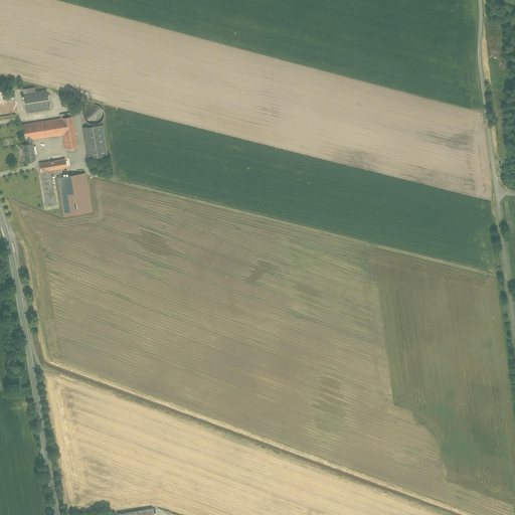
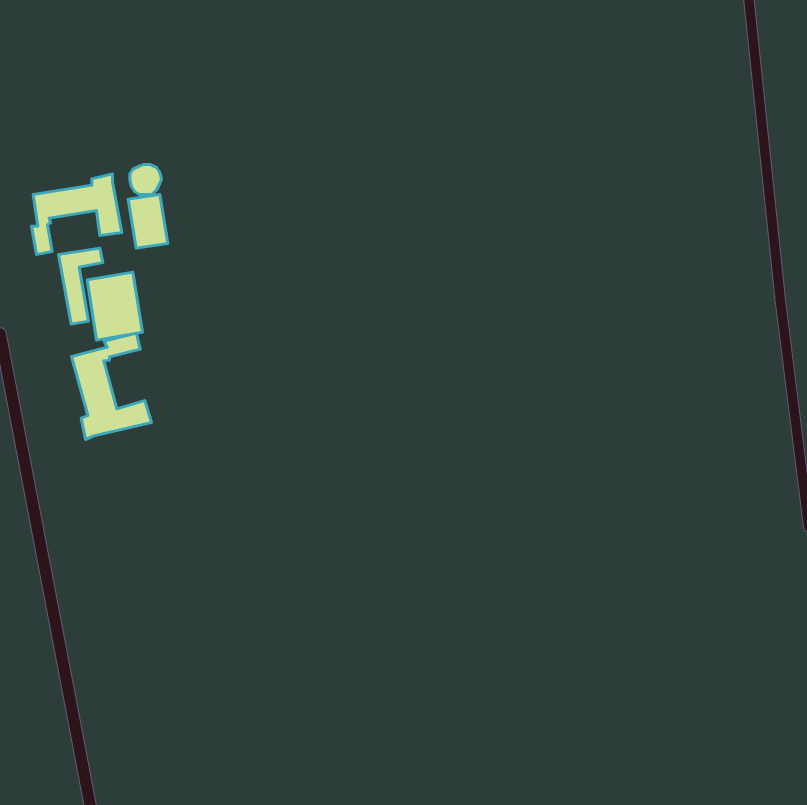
building: [23,89,49,113] -> none
building: none -> [71,333,152,439]

